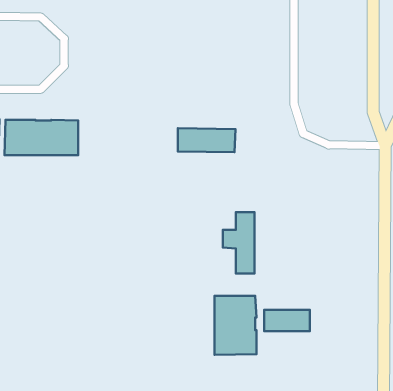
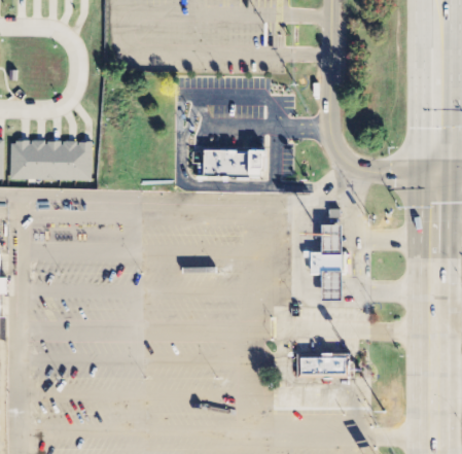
building: [223,212,255,274] -> [309,230,344,298]
building: [214,296,256,355] -> none

